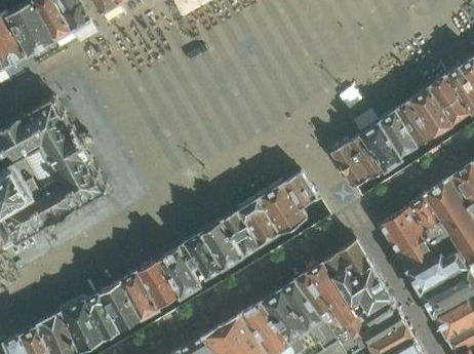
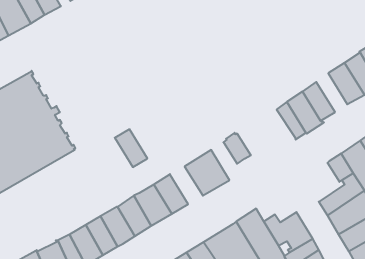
building: [395,101,432,147] -> none
building: [332,144,369,187] -> none
building: [270,183,308,228] -> none
building: [381,207,429,253] -> none
building: [221,211,260,257] -> [115,129,147,167]
building: [323,240,371,278] -> none

